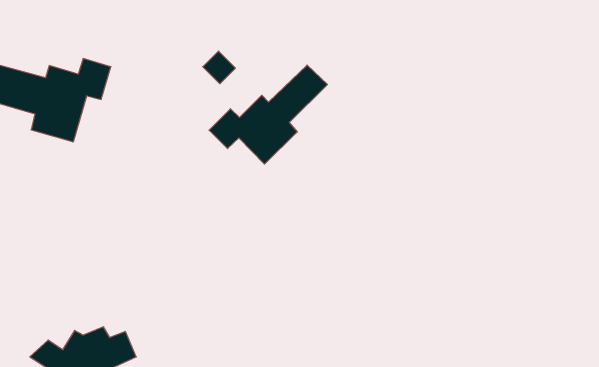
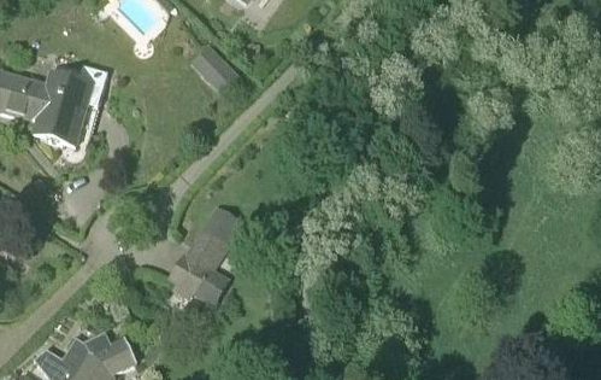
building: [209,65,327,164] -> none
building: none -> [170,203,243,305]

